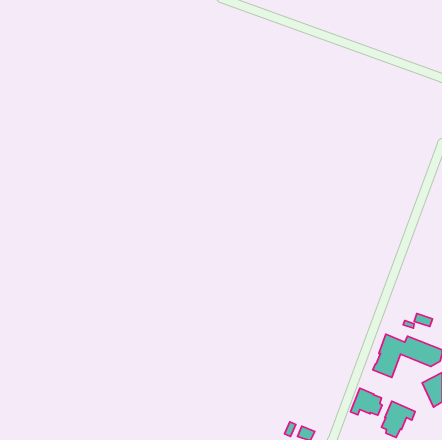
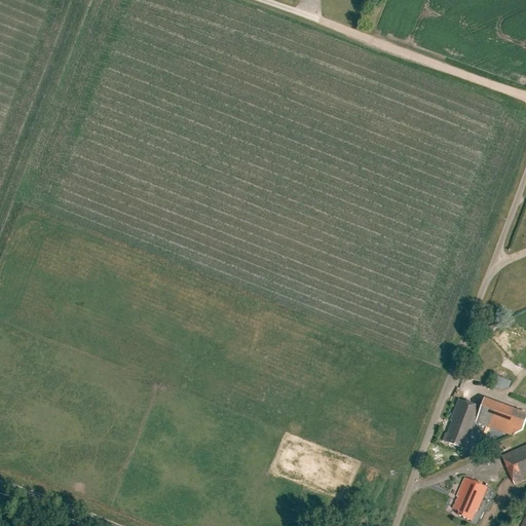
building: [351,388,382,415] -> none

